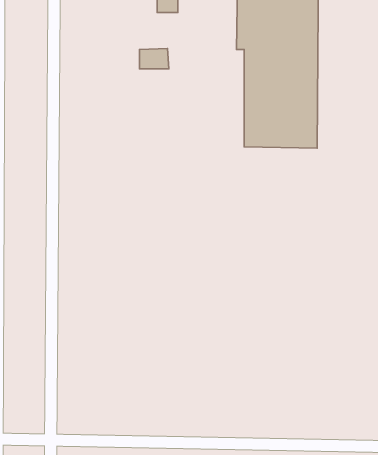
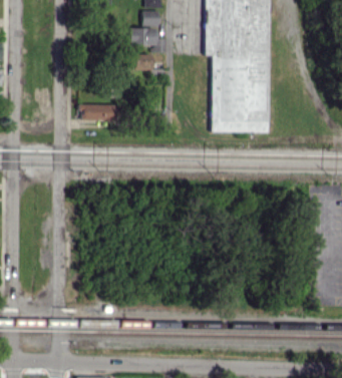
building: none -> [129,27,156,46]
building: none -> [80,104,115,120]

